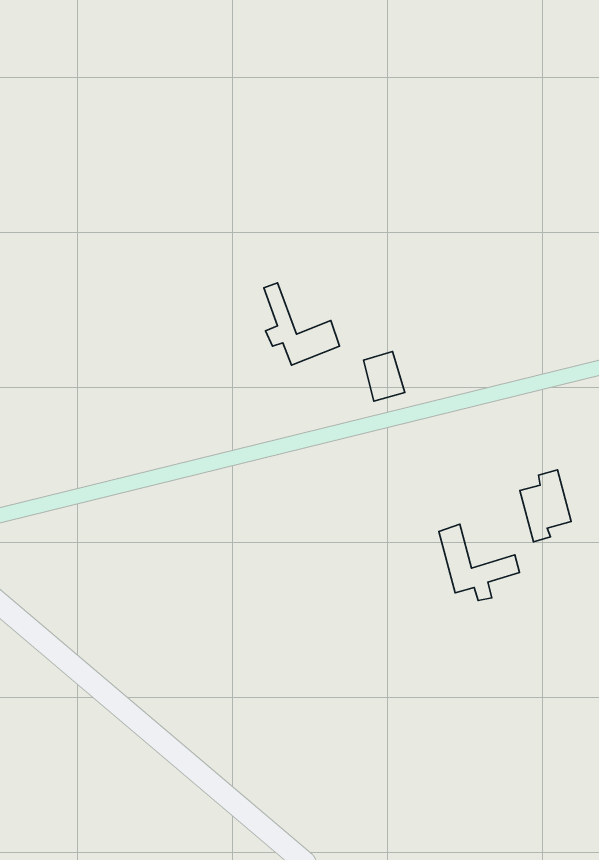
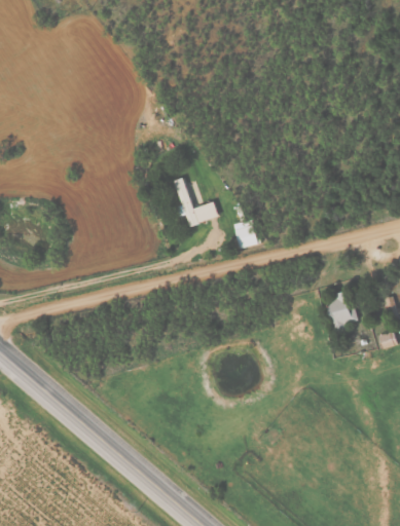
building: [439,524,520,600] -> none

